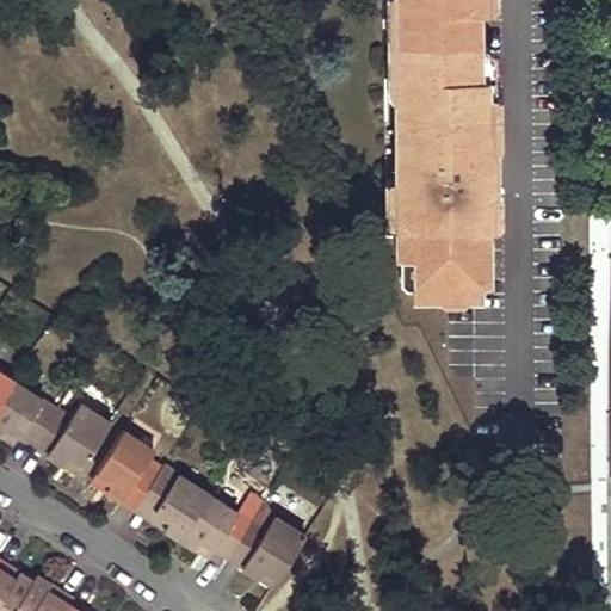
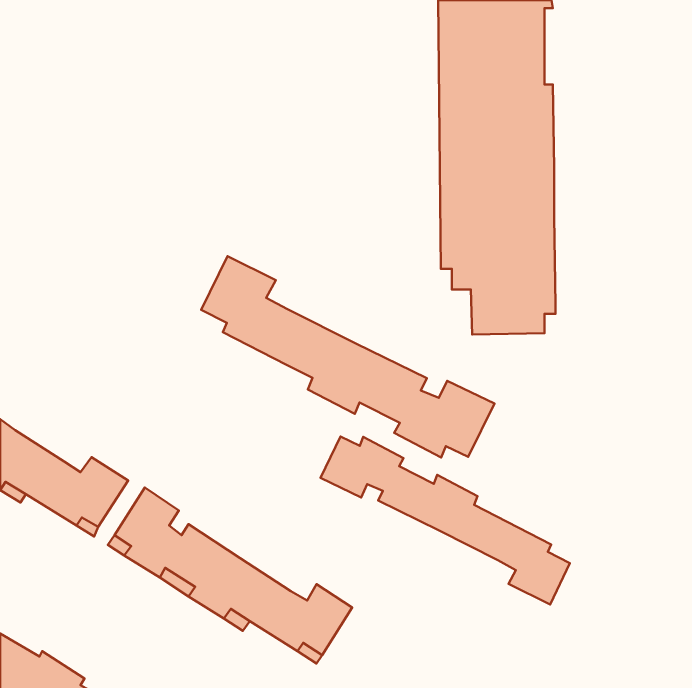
building: none -> [201,256,494,458]
building: none -> [321,436,570,605]

